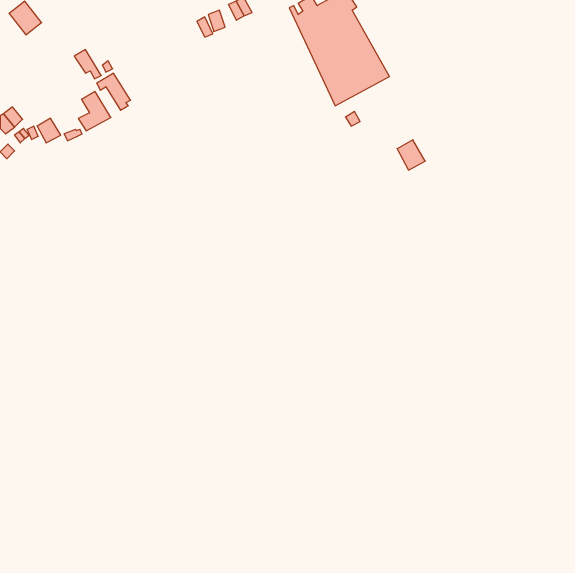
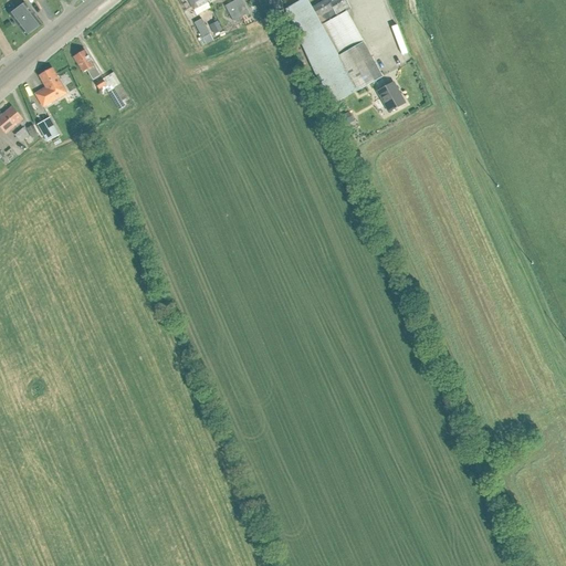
building: [78,92,111,131] -> [35,66,67,105]
building: [397,140,425,170] -> [377,81,405,111]

